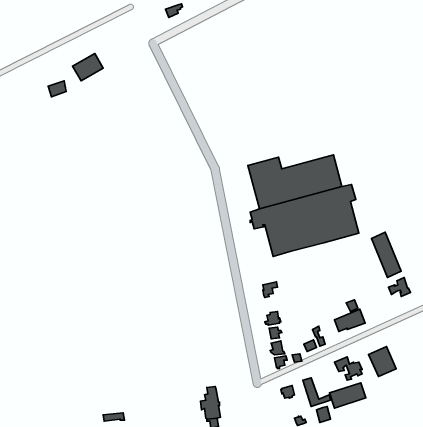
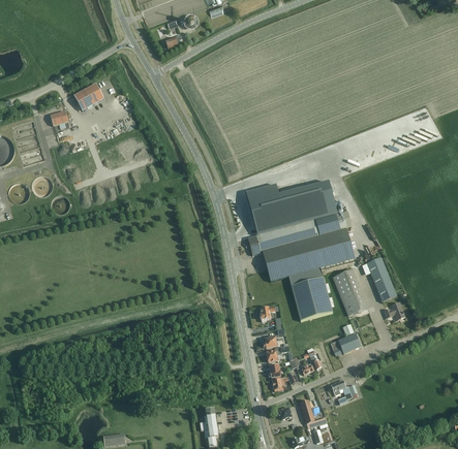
building: none -> [288,268,333,321]
building: none -> [338,269,368,314]
building: [369,346,396,377] -> none
building: [329,383,366,408] -> none

